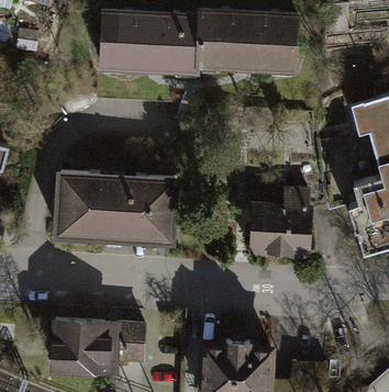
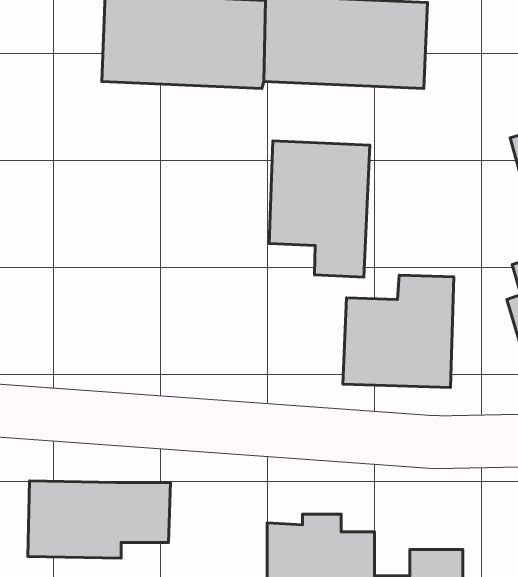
building: none -> [269,141,370,277]
building: [53,170,173,243] -> none

